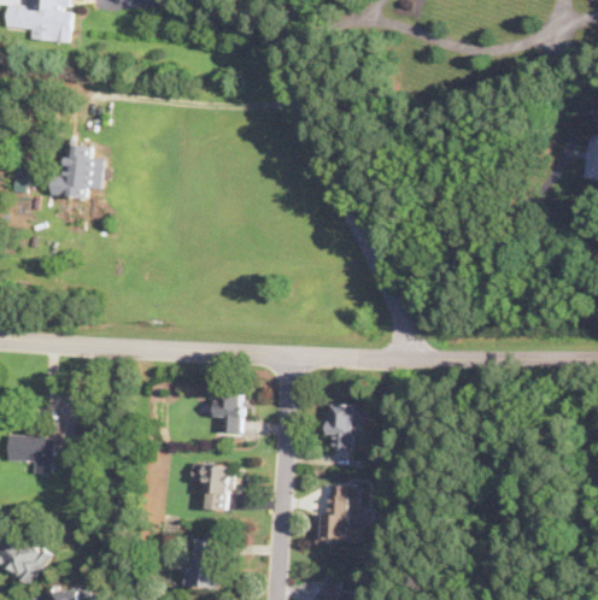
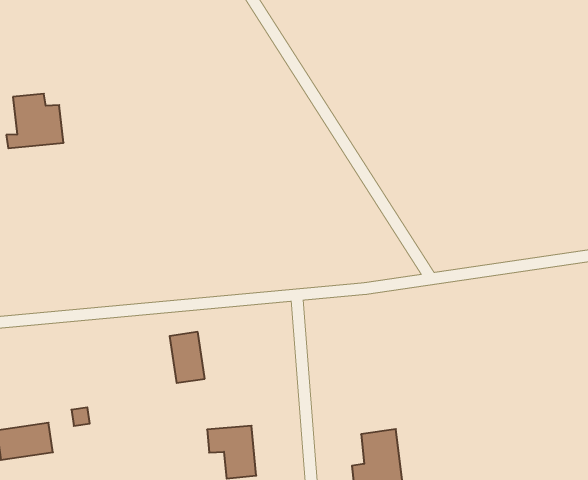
building: [217,392,242,434] -> [170,332,205,383]
building: [329,405,359,451] -> none

